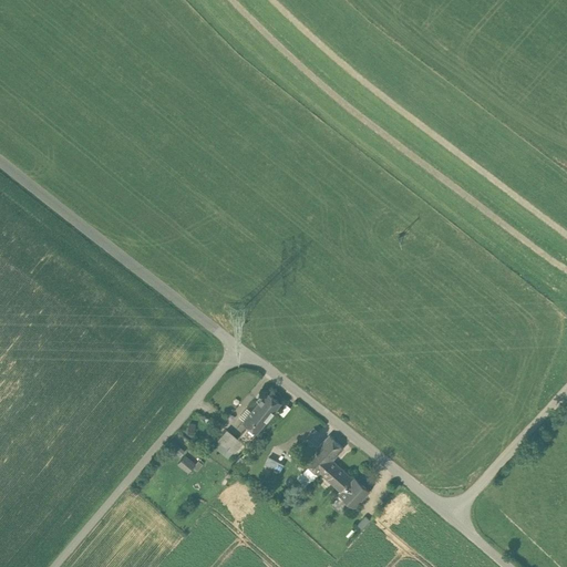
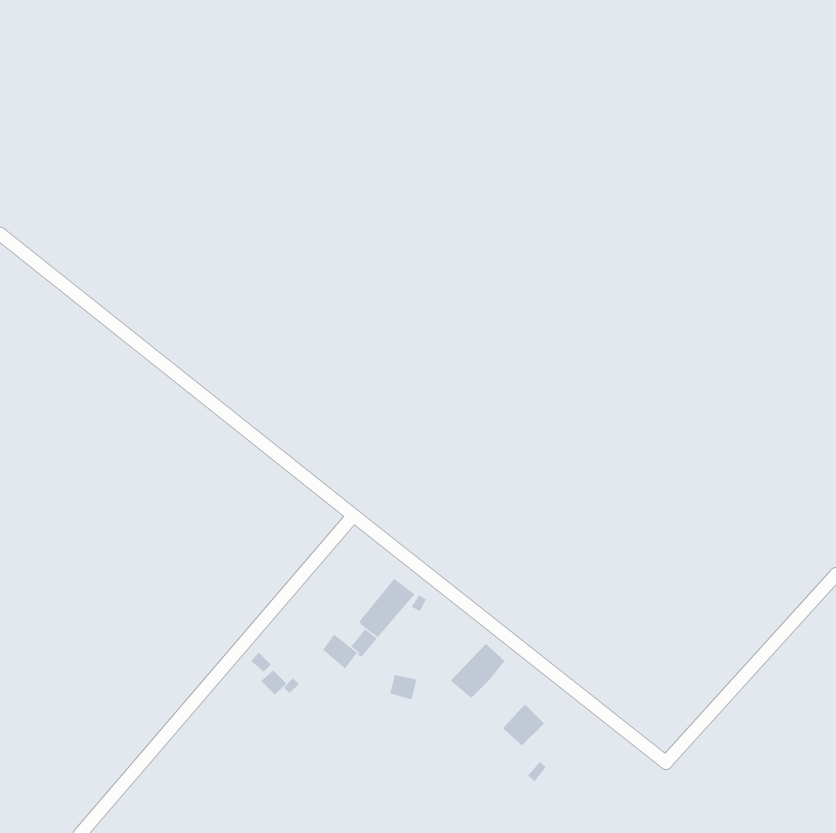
building: [320,462,353,494] -> none

